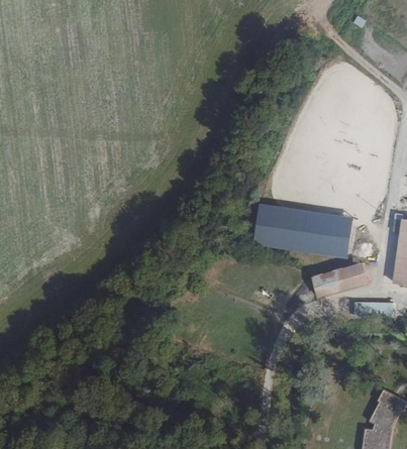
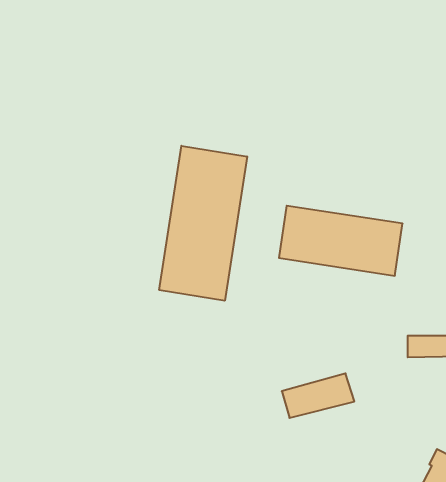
building: none -> [159,146,247,301]
building: [318,263,376,299] -> [282,373,354,418]

